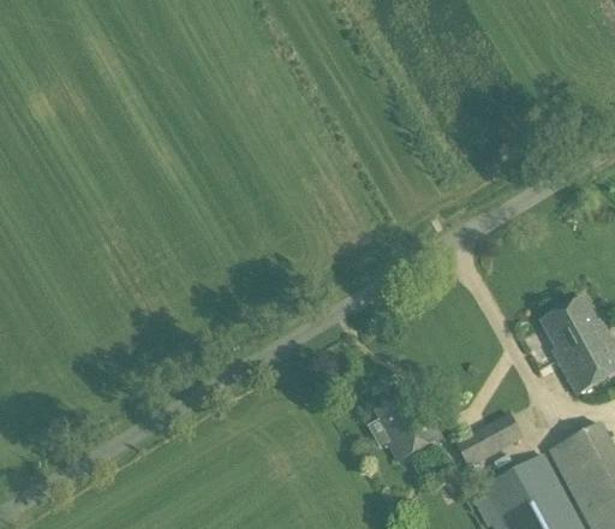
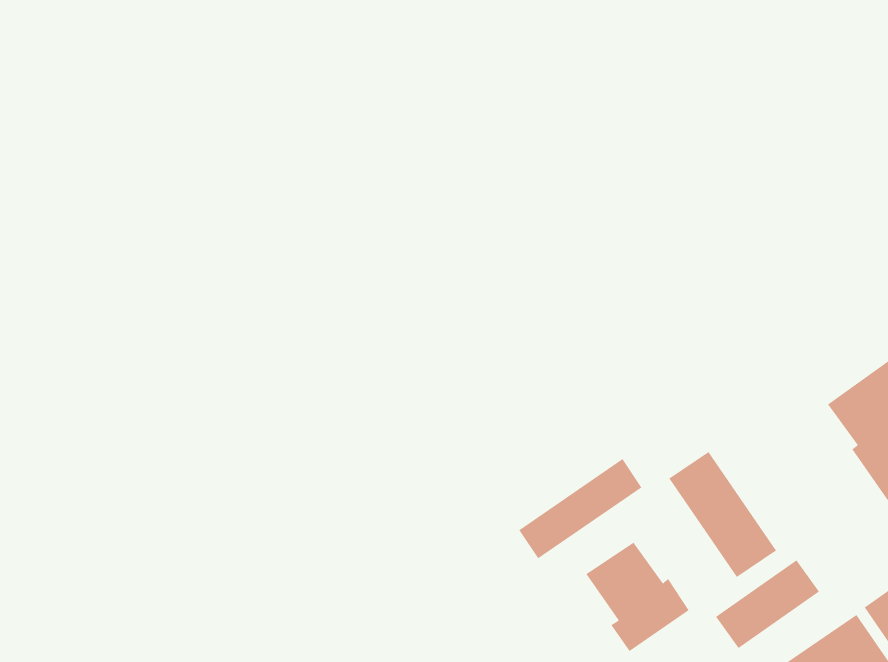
building: none -> [518,458,642,559]
building: none -> [668,451,777,578]

